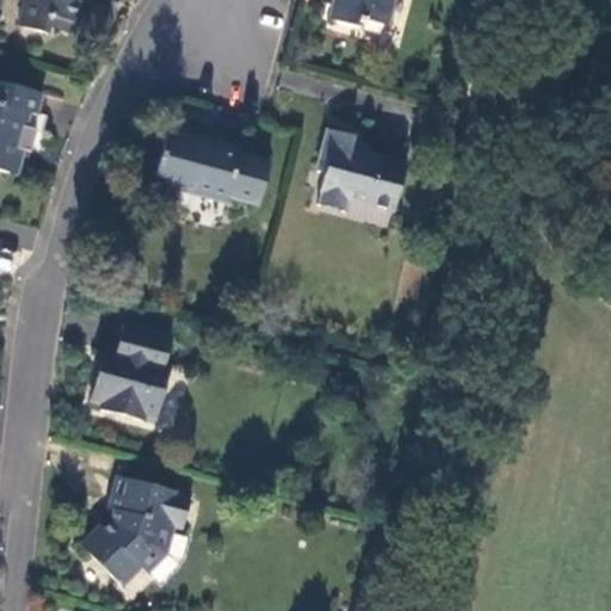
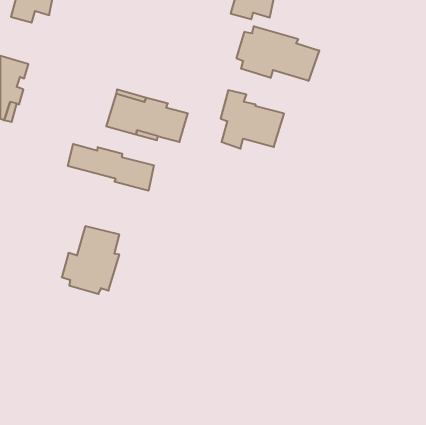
building: none -> [237,26,319,81]
building: none -> [68,144,154,191]
building: [79,477,190,587] -> none

